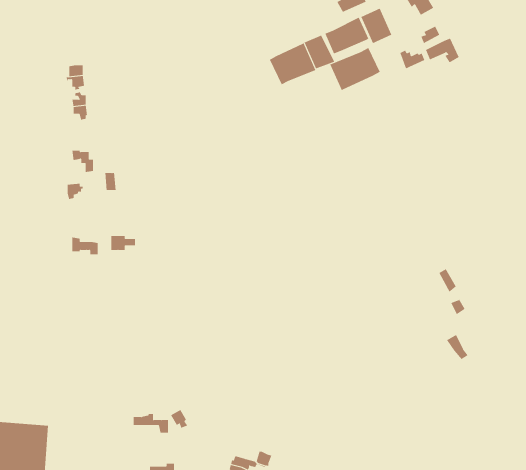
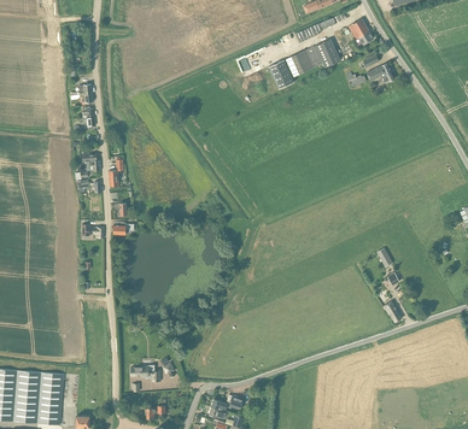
building: [269,42,316,85] -> none
building: [330,47,381,92] -> none

